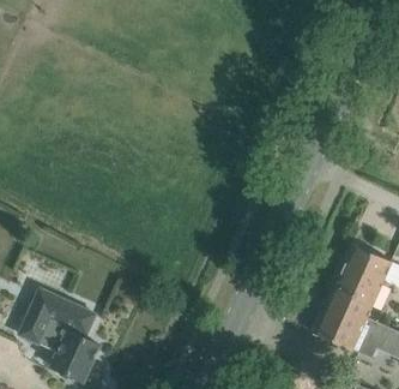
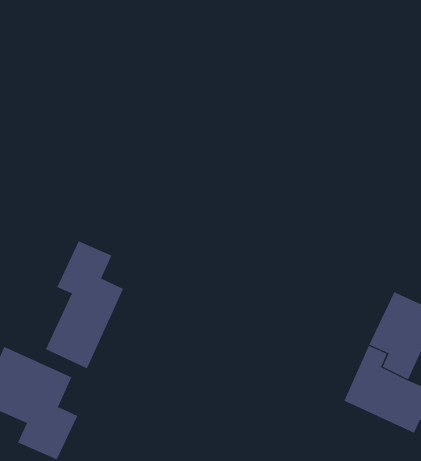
building: none -> [45,240,124,369]

